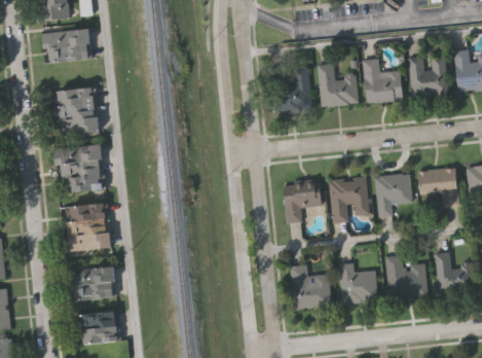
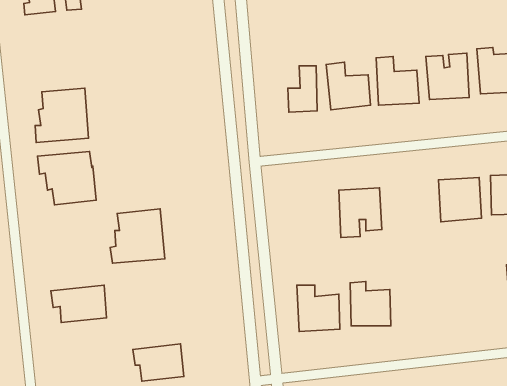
building: [42,28,94,62] -> none
building: [374,173,410,216] -> none
building: [283,182,320,222] -> none
building: [64,202,113,251] -> [110,209,165,263]
building: [433,252,470,290] -> none
building: [384,255,424,297] -> none
building: [77,310,123,344] -> [133,344,184,381]

